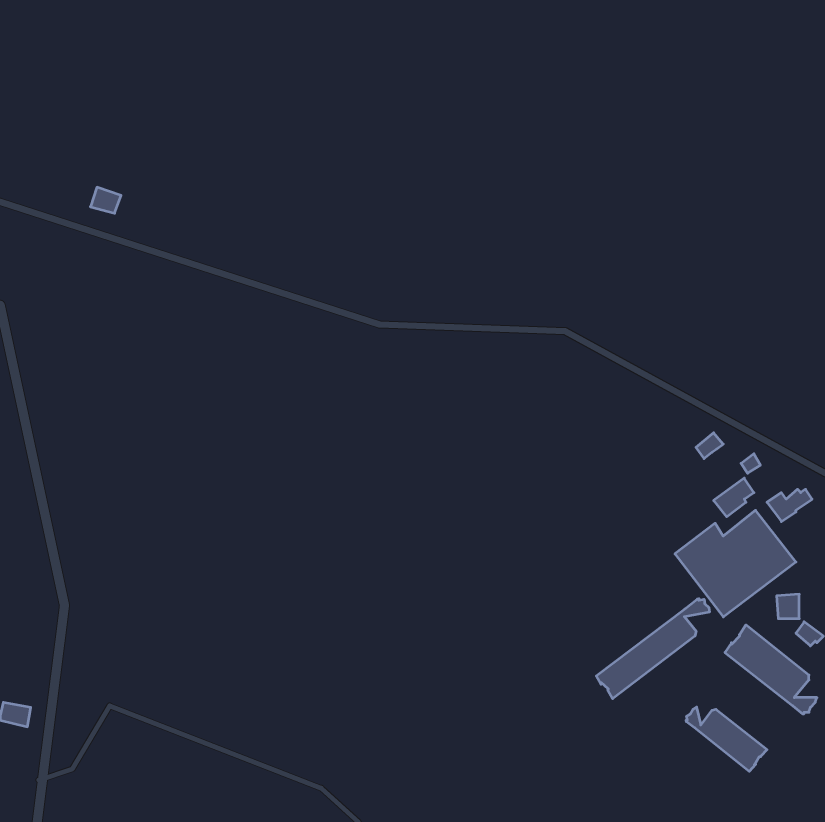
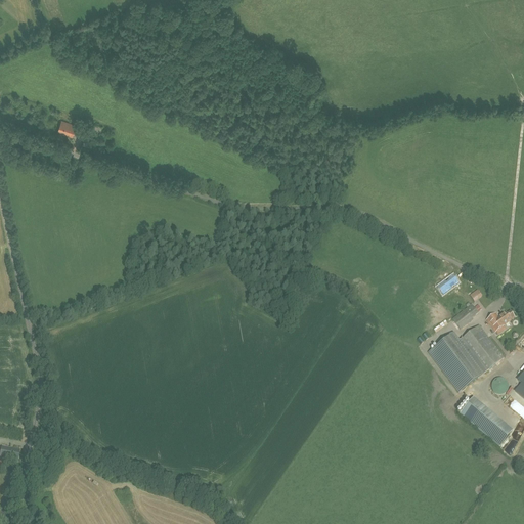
building: [596,599,709,699] -> none
building: [686,707,767,771] -> none

